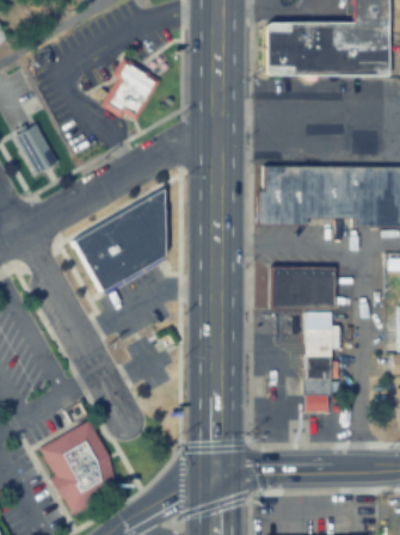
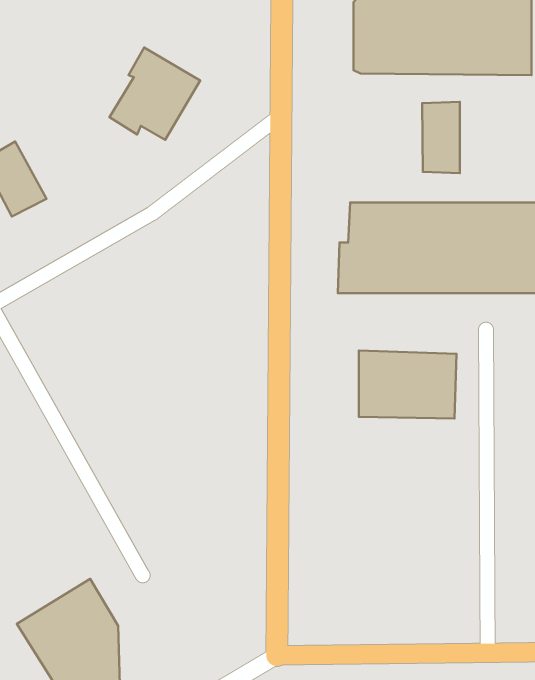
building: none -> [422,102,460,173]
building: [69,189,164,290] -> none
building: [306,316,341,407] -> none

